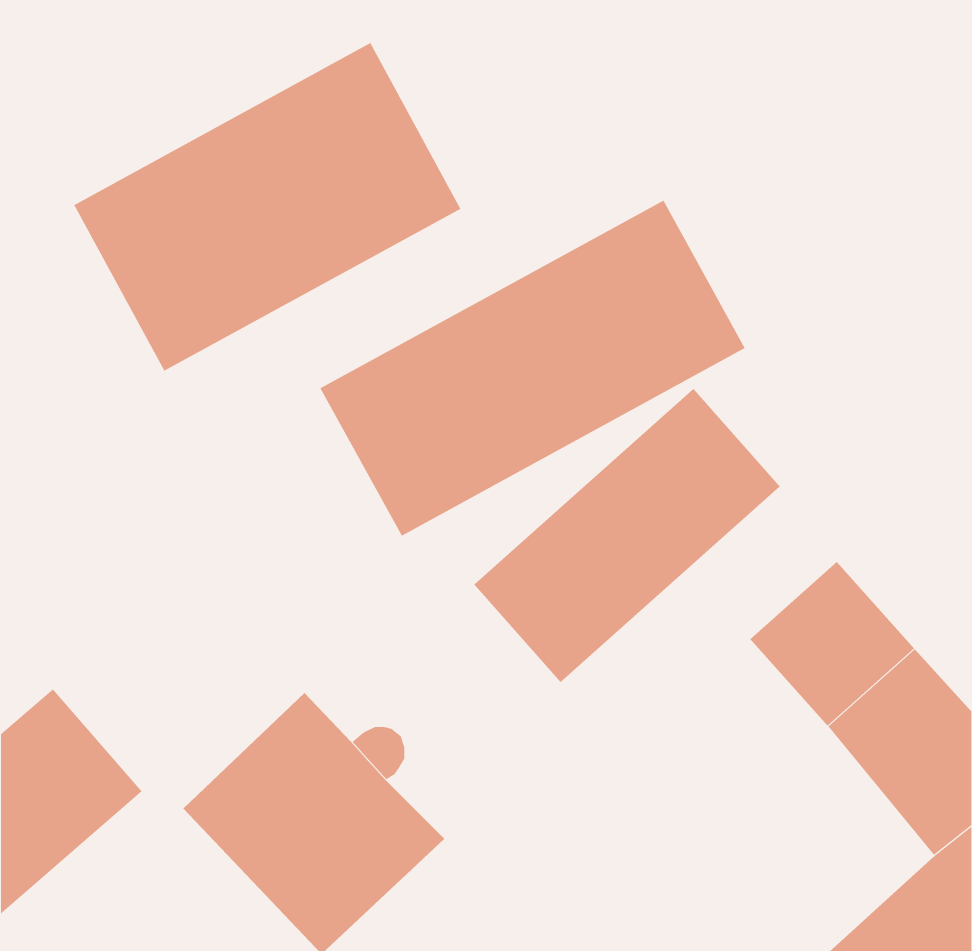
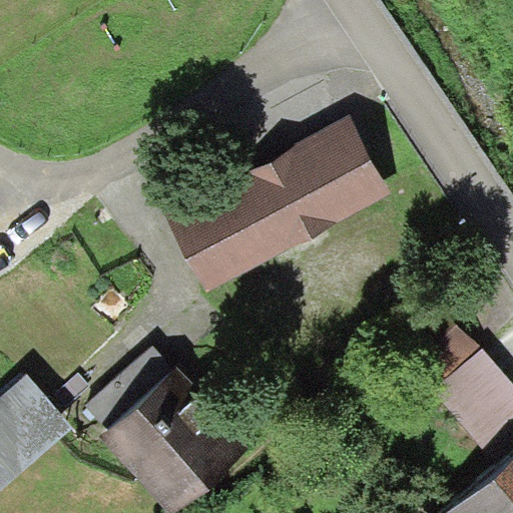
building: [74,42,461,372] -> none
building: [473,388,781,683] -> none

